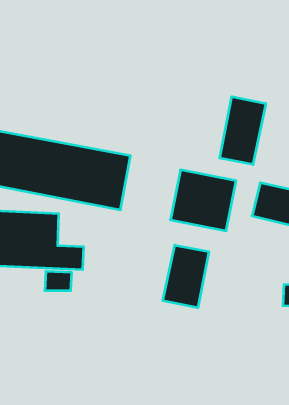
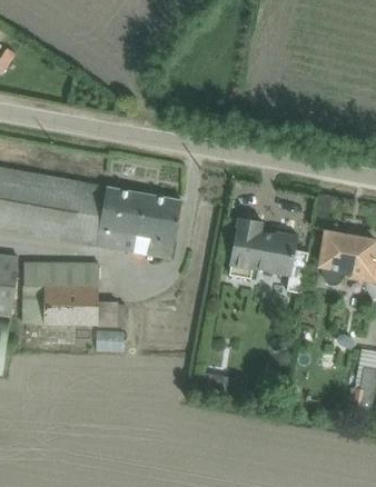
building: [220,97,266,165] -> none
building: [163,245,209,308] -> none

